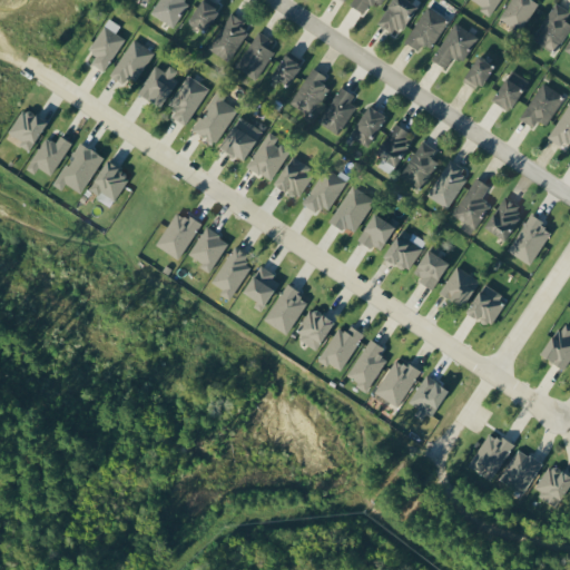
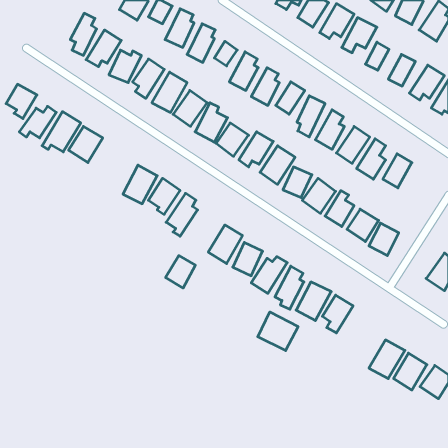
building: [509,214,550,265] -> none
building: [243,267,281,308] -> [166,256,195,288]
building: none -> [258,312,298,351]

